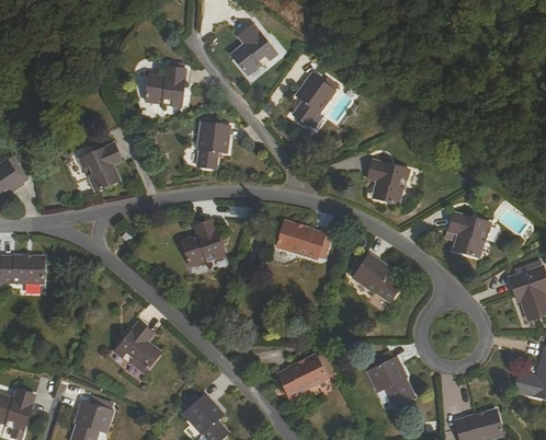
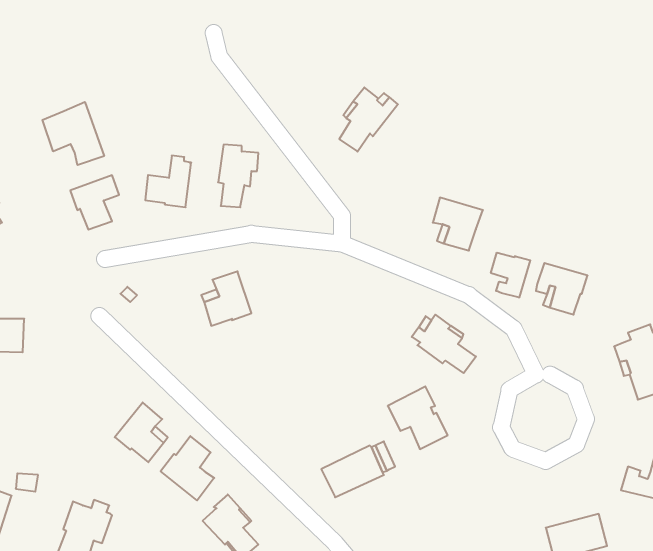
building: [235,28,273,76] -> none
building: [149,62,185,103] -> [145,156,191,207]
building: none -> [42,102,104,165]
building: none -> [491,253,530,298]
building: [275,220,328,258] -> none
building: none -> [161,436,214,500]
building: [366,356,413,405] -> [388,386,448,449]

